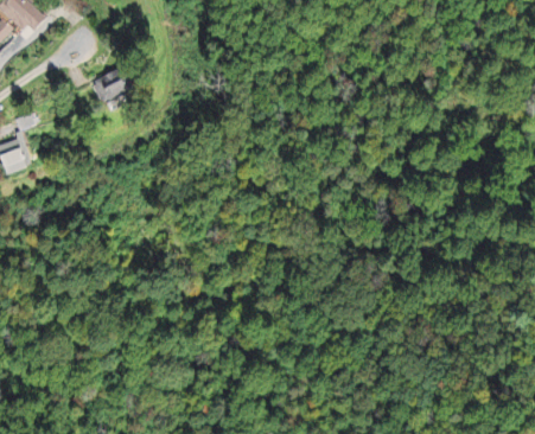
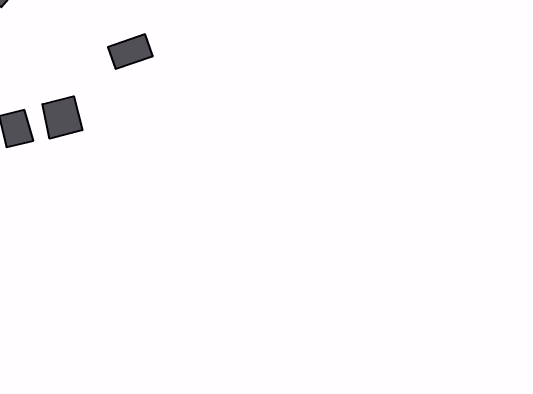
building: none -> [42,96,82,139]

